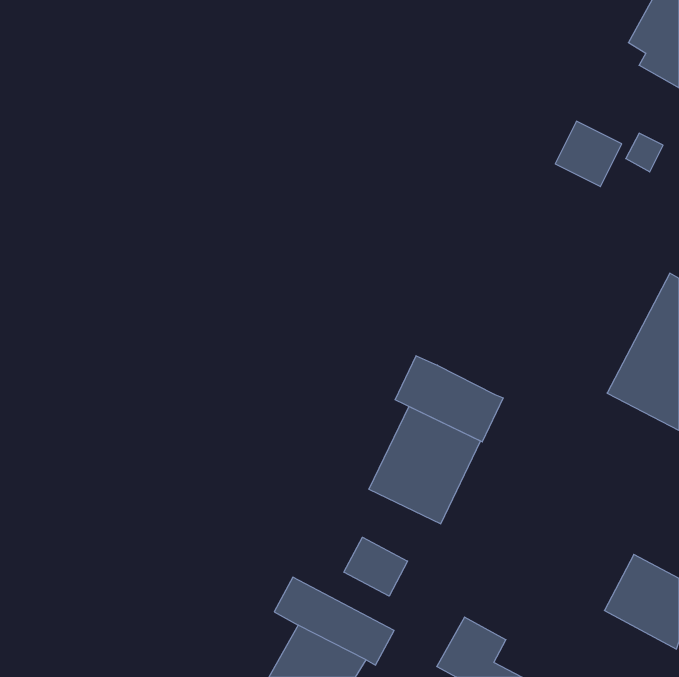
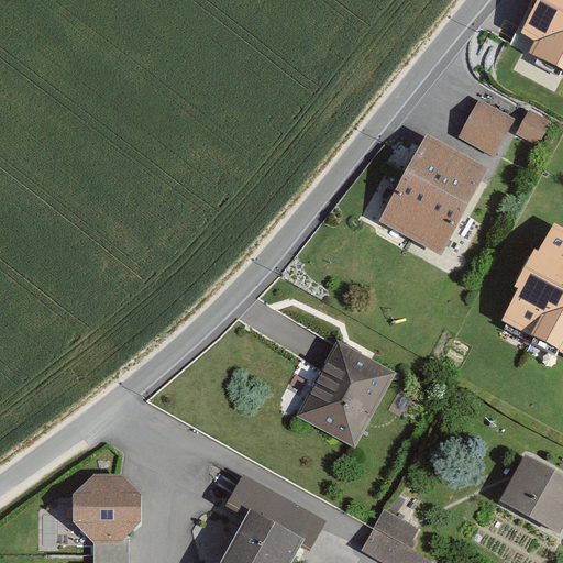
building: none -> [383,140,486,252]
building: [395,356,503,442] -> none
building: [344,537,408,596] -> none
building: none -> [73,475,139,541]

